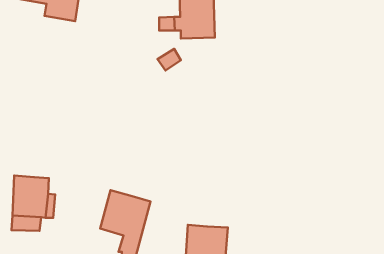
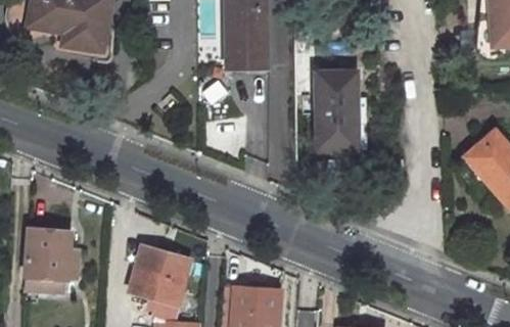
building: none -> [302,71,354,148]

